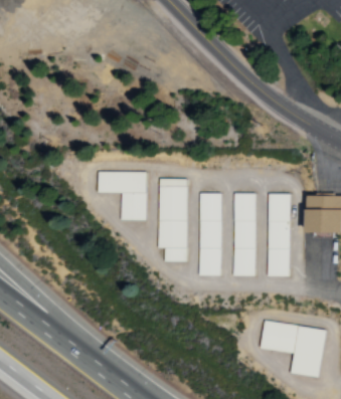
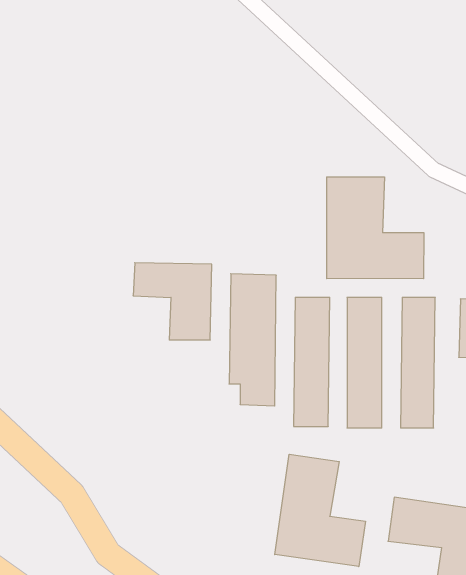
building: none -> [327,177,424,279]
building: none -> [275,454,365,567]

